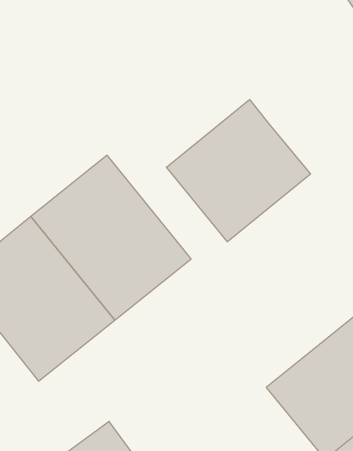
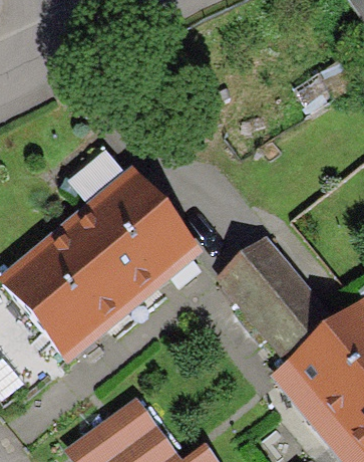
building: [166,100,310,242] -> none
building: none -> [218,240,337,364]

